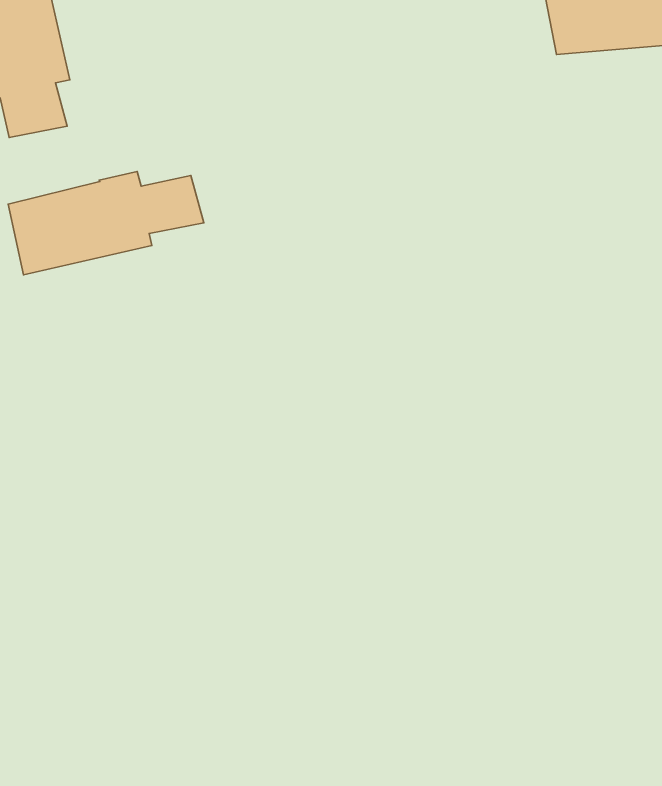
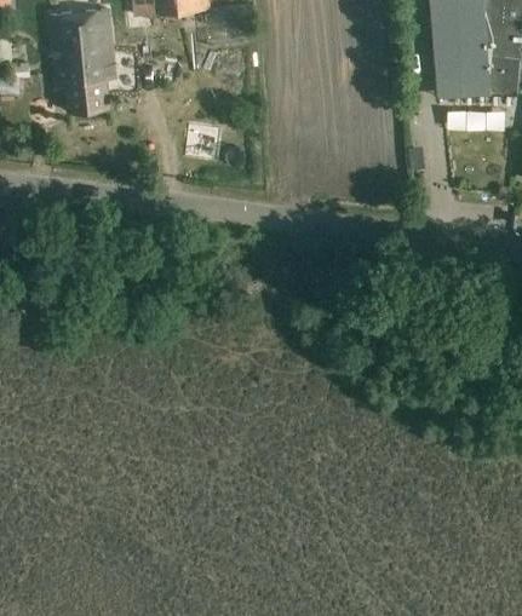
building: [8,171,204,275] -> none

